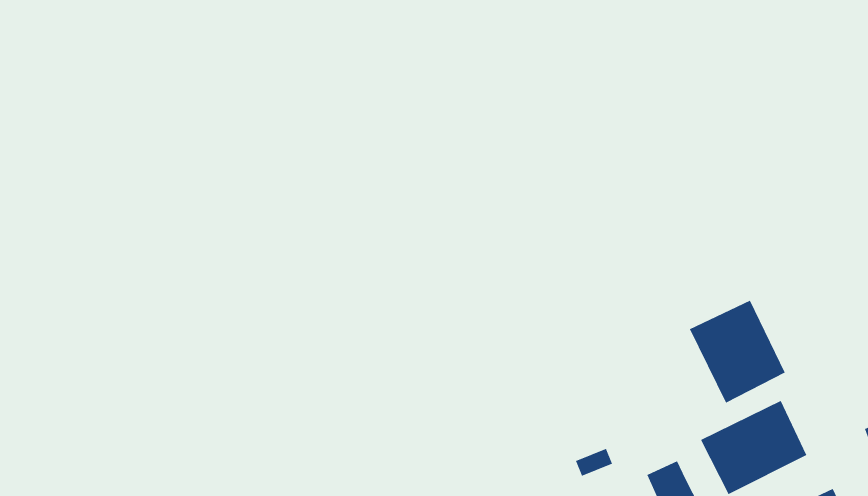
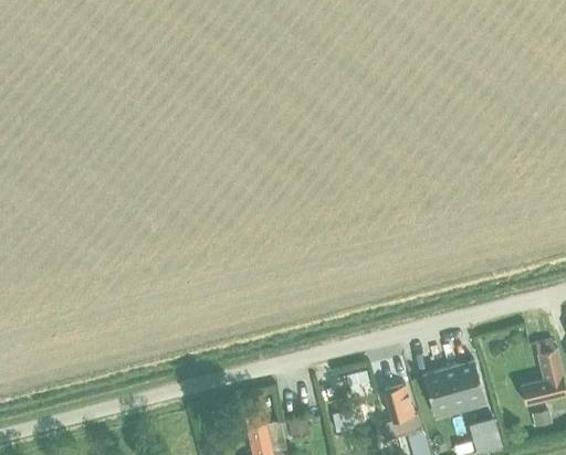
building: [689,300,786,403] -> none

